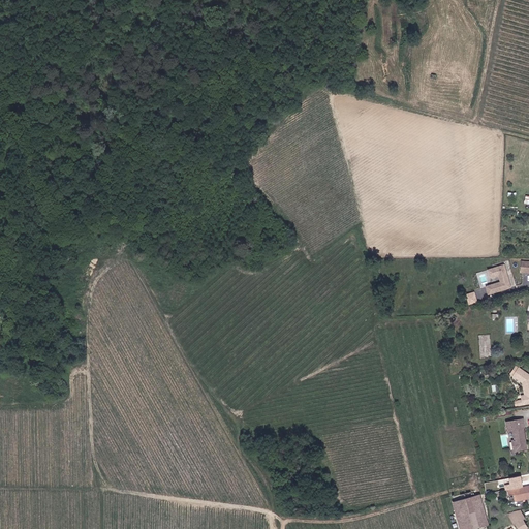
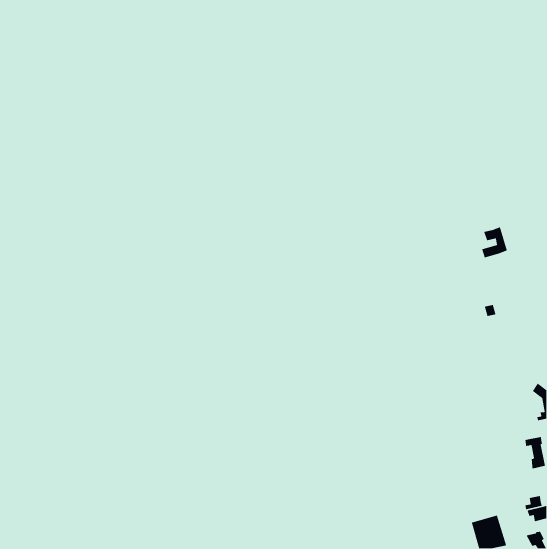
building: [486,264,511,295] -> [481,226,508,258]

